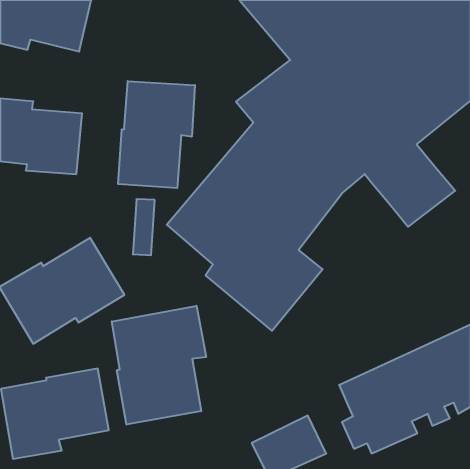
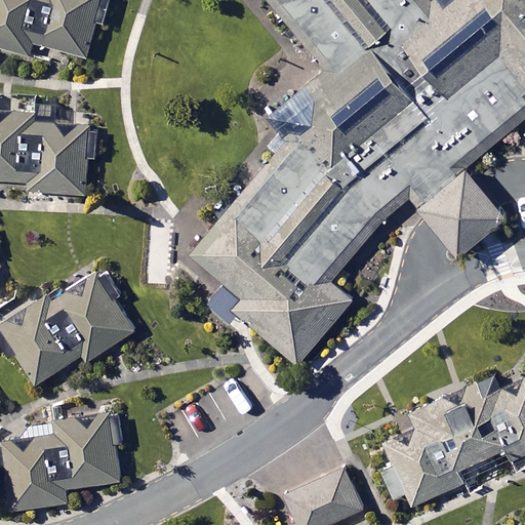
building: [118,81,195,188] -> none
building: [112,306,206,425] -> none

